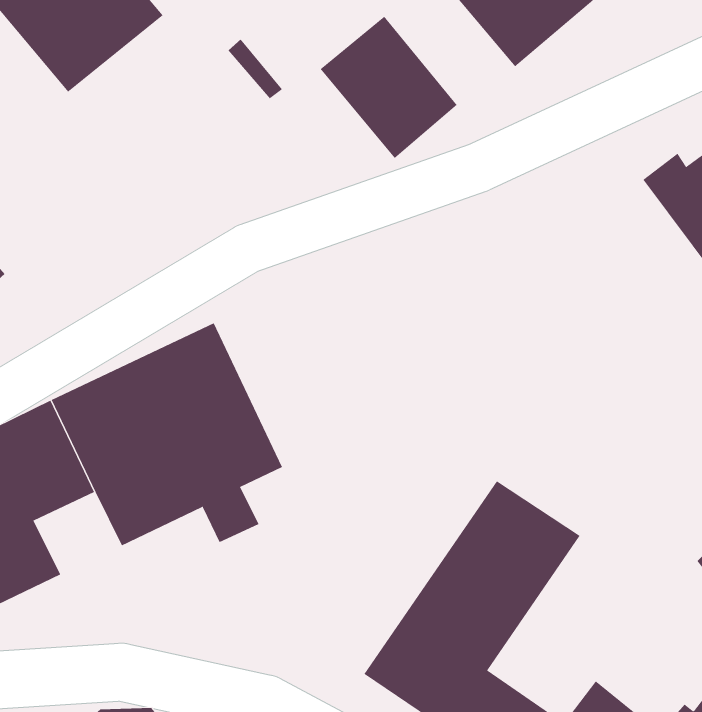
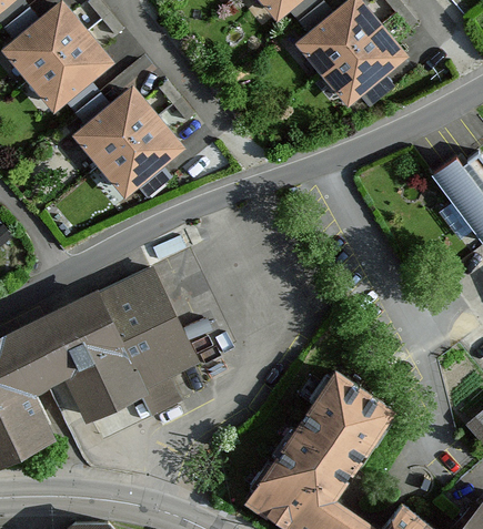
building: [320,16,458,159] -> none
building: none -> [70,87,184,201]

